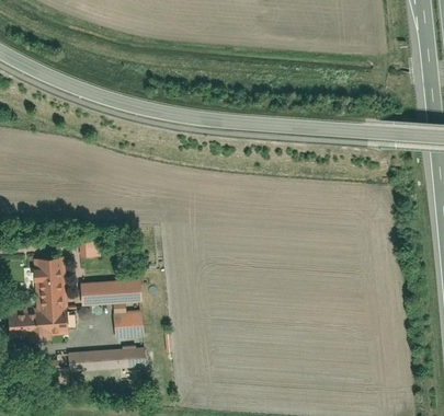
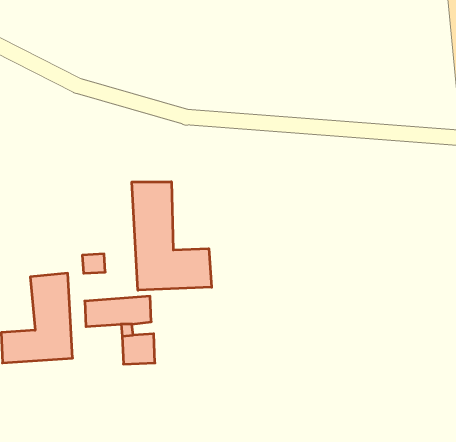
building: none -> [132,182,212,290]
building: [73,347,146,372] -> none

